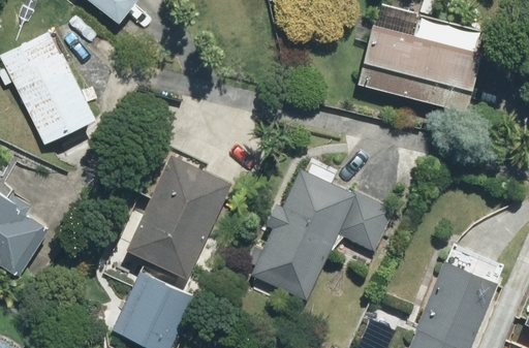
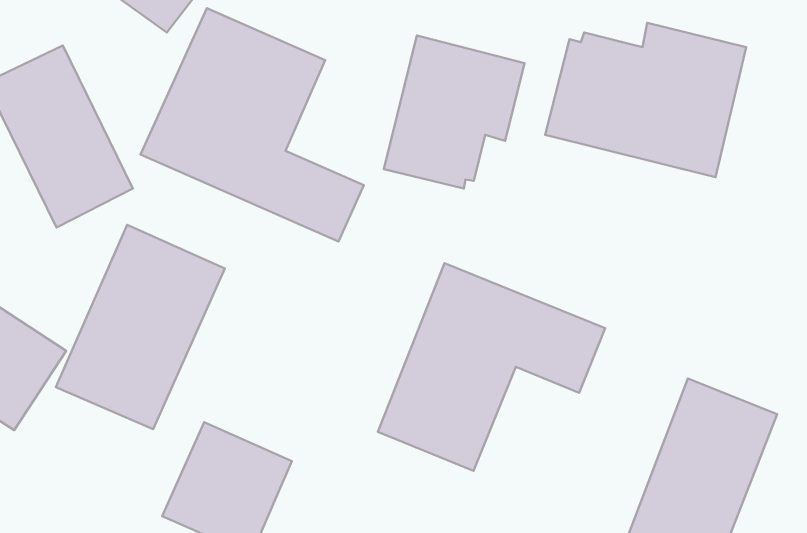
building: none -> [140,8,364,242]
building: none -> [384,35,524,189]
building: [122,152,229,282] -> [56,225,225,429]

